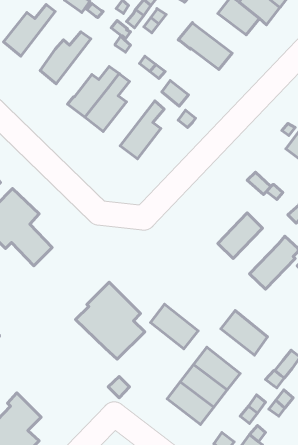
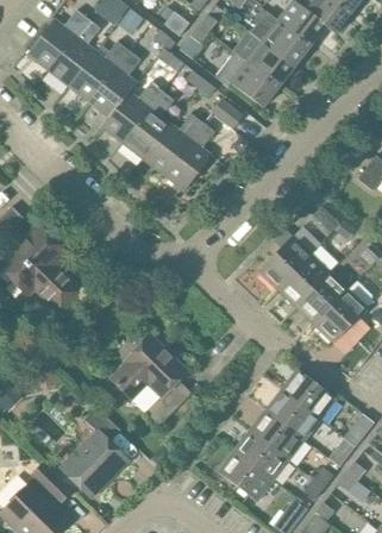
building: none -> [249,12,311,67]
building: none -> [46,18,100,87]
building: none -> [88,50,140,118]
building: none -> [214,52,278,107]
building: none -> [143,113,203,175]
building: none -> [258,227,312,289]
building: none -> [295,271,349,325]
building: [150,304,198,349] -> [264,389,320,441]
building: none -> [62,407,126,496]

